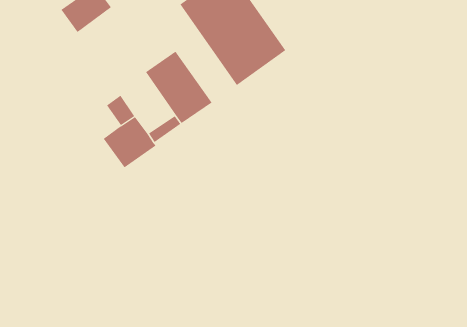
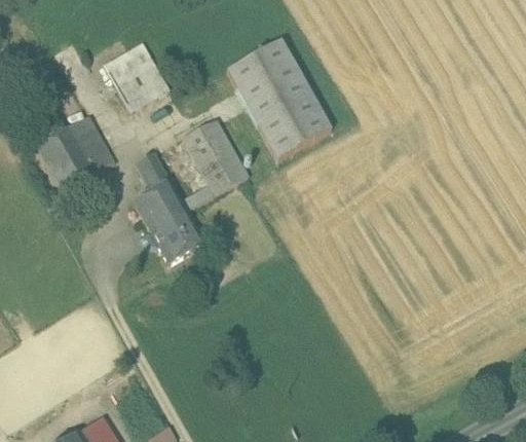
building: none -> [117,65,171,112]
building: none -> [38,115,115,190]
building: none -> [150,213,202,262]

